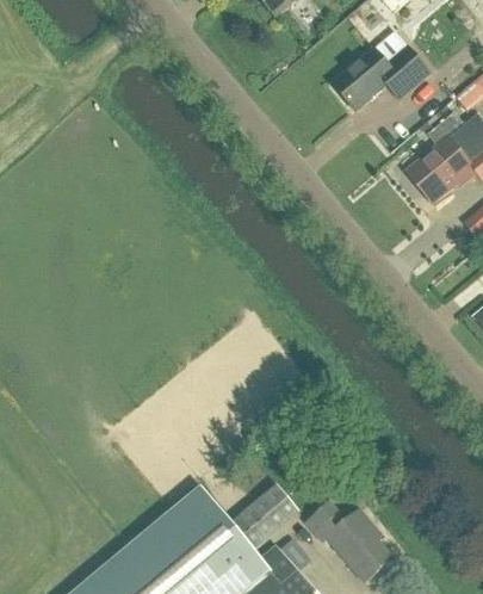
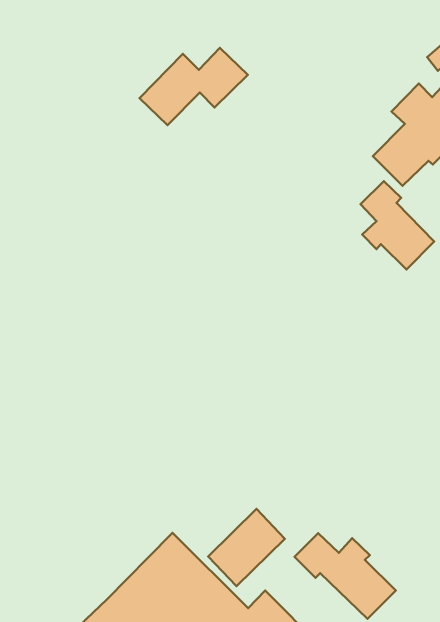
building: [333,45,431,110] -> [140,48,248,125]
building: none -> [360,181,434,270]

